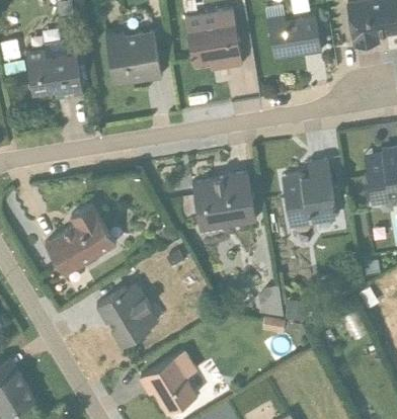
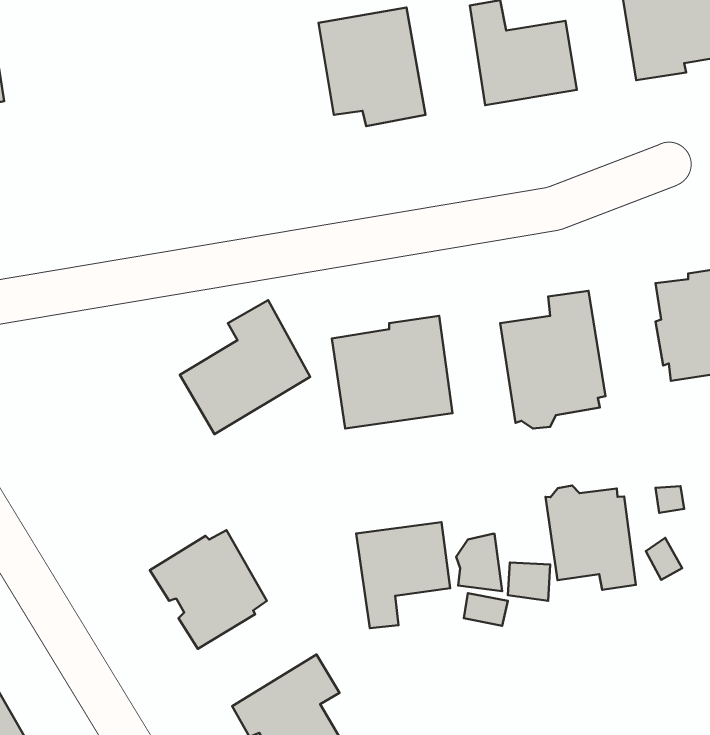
building: [105,30,163,87] -> none
building: [26,41,90,98] -> none
building: [47,205,115,276] -> [180,300,310,434]
building: none -> [545,485,636,590]
building: none -> [356,522,450,628]

